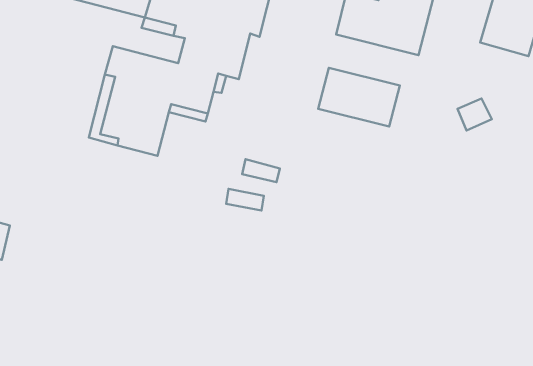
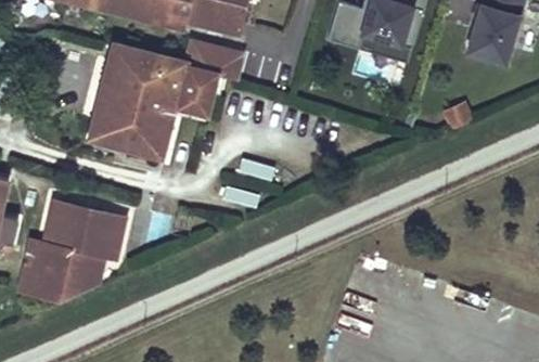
building: [318,68,400,126] -> none
building: none -> [18,203,124,300]

